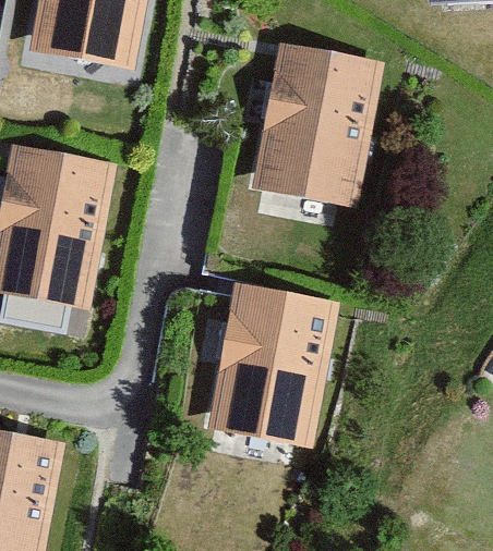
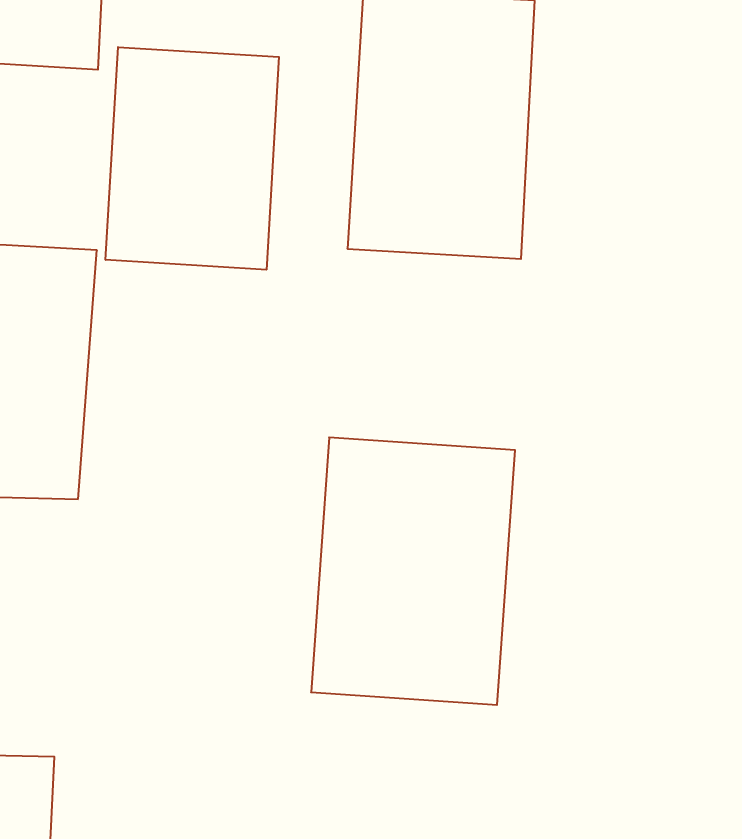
building: none -> [106,47,279,270]

